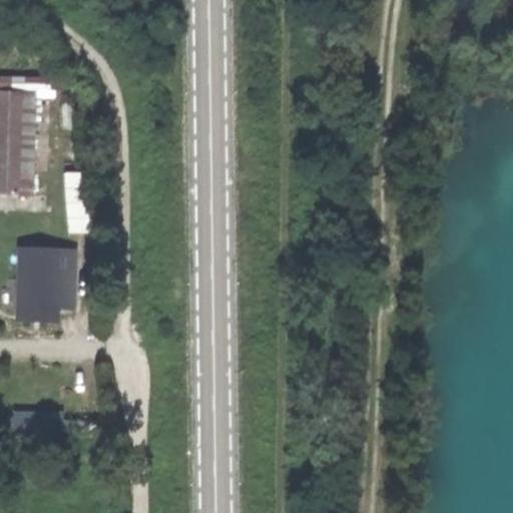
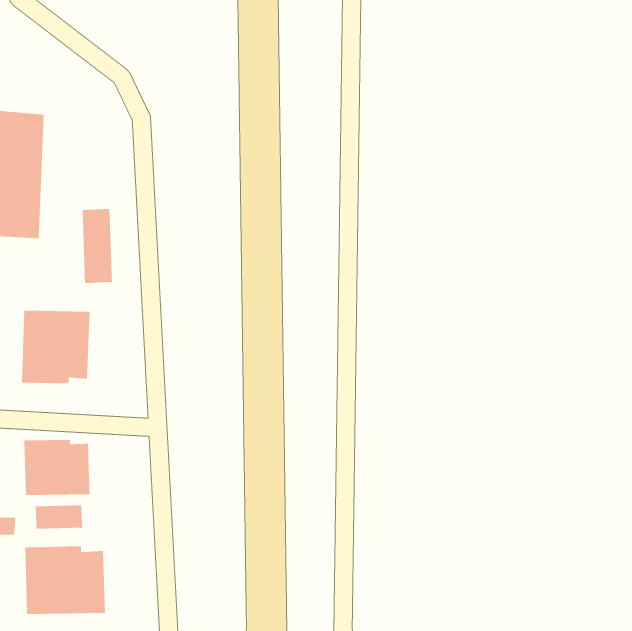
building: none -> [24,439,90,496]
building: none -> [24,546,106,615]

